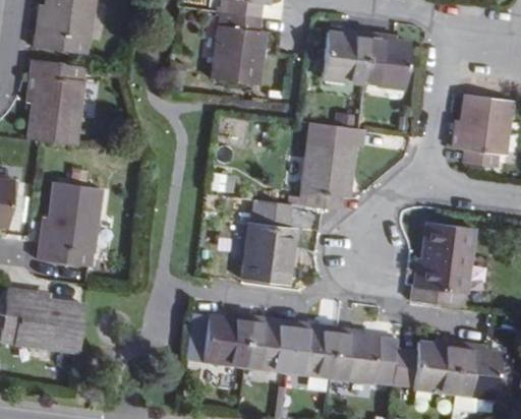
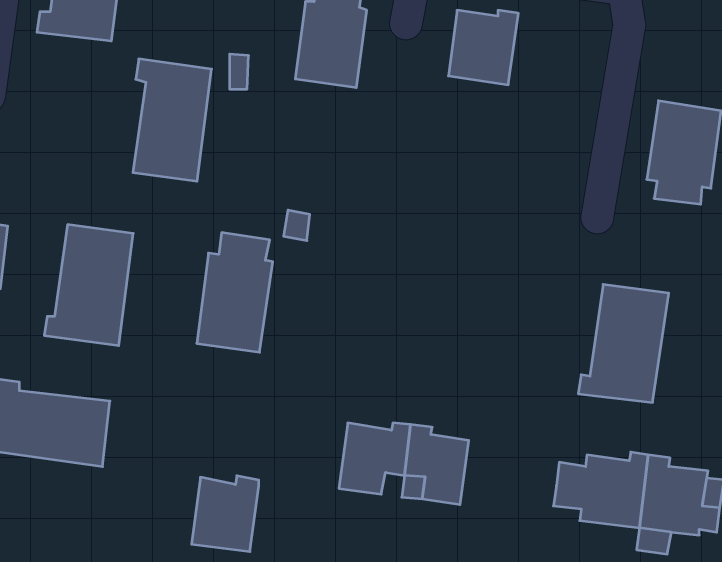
building: [362,35,410,91] -> none
building: [28,60,83,145] -> [133,59,212,181]
building: [302,123,364,212] -> none
building: [242,200,295,284] -> [197,233,273,352]
building: [204,313,250,366] -> [192,476,259,552]
building: [329,326,399,383] -> none

